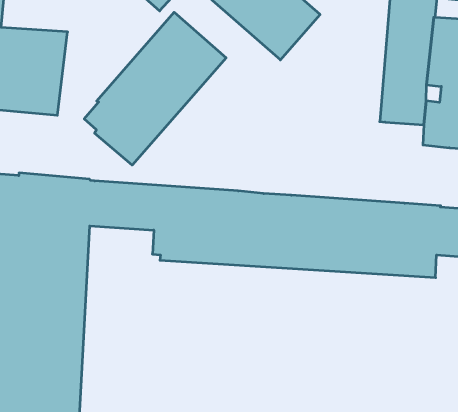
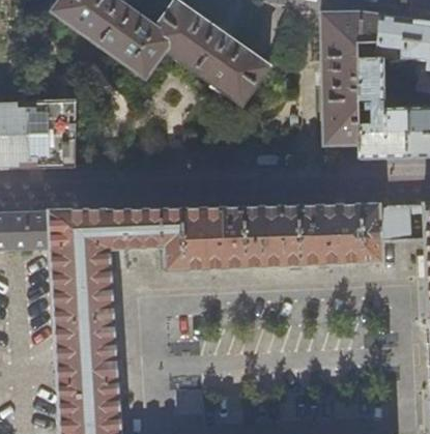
building: [84,12,226,165] -> none

